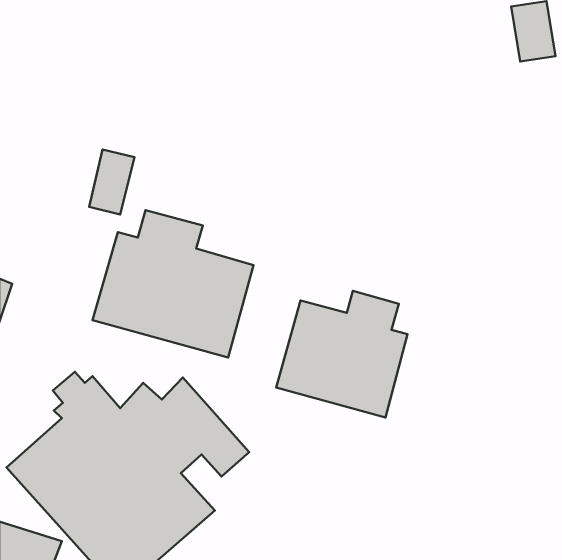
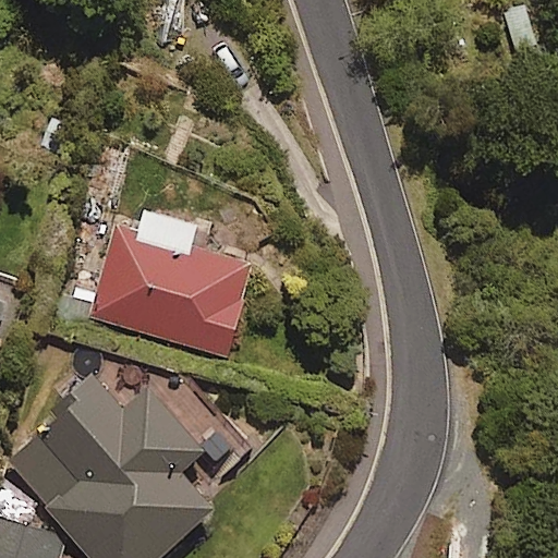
building: [276,291,408,418] -> none

